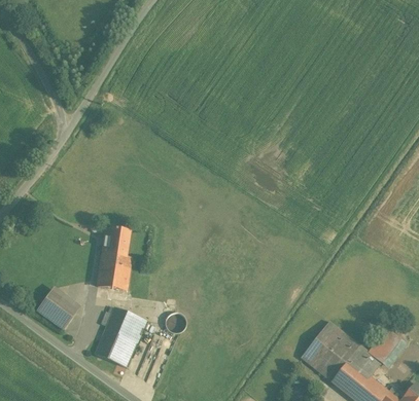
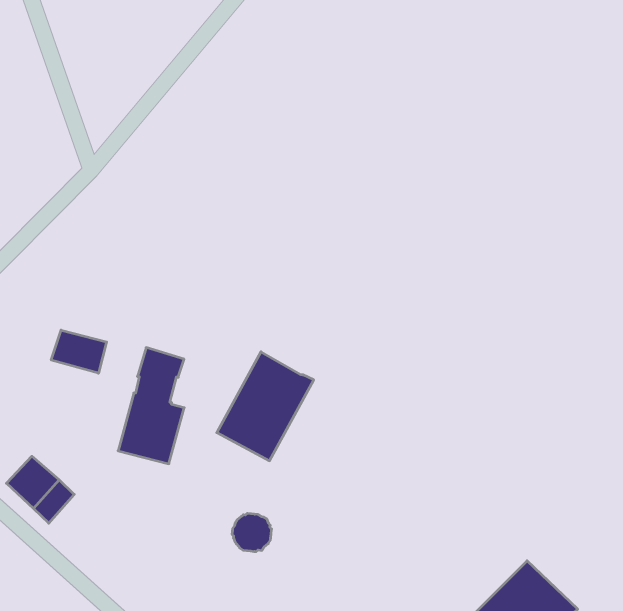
building: none -> [51,330,107,373]
building: [95,307,145,367] -> [217,352,314,461]

